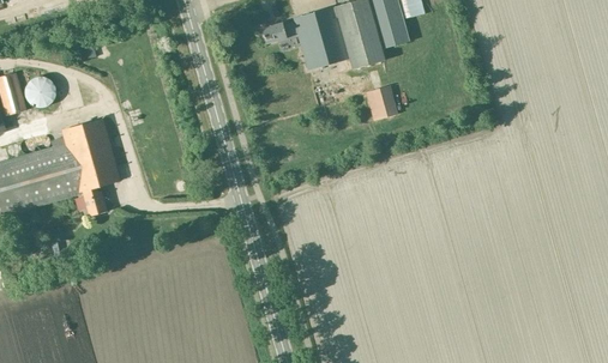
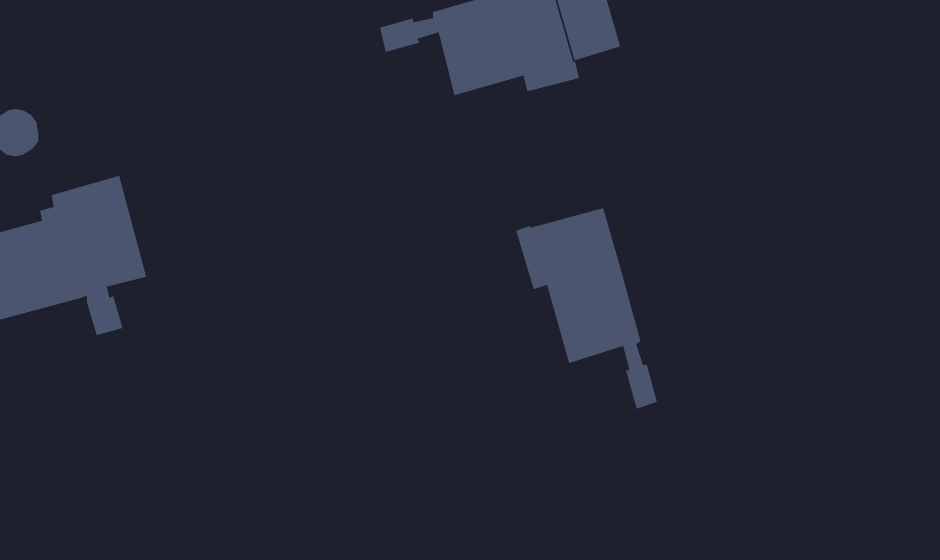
building: [363,86,396,121] -> none
building: none -> [515,207,658,410]

